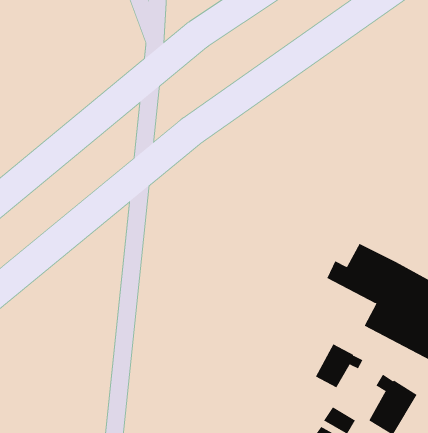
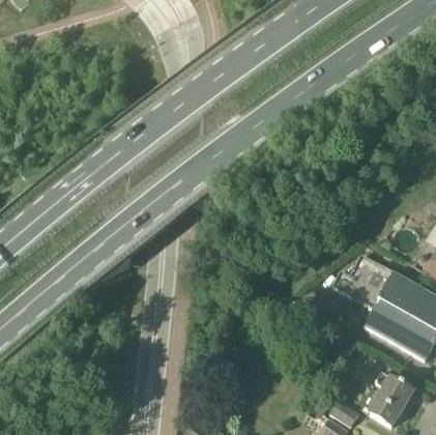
building: [315,344,363,388] -> none

